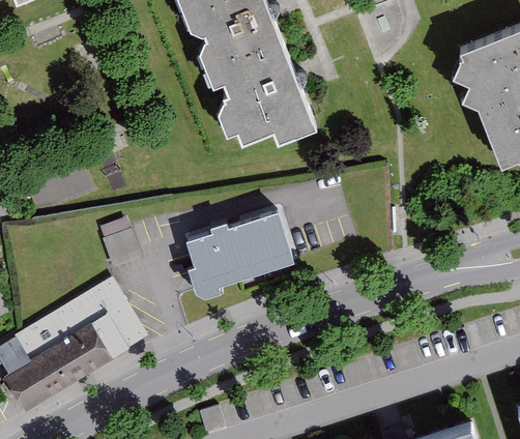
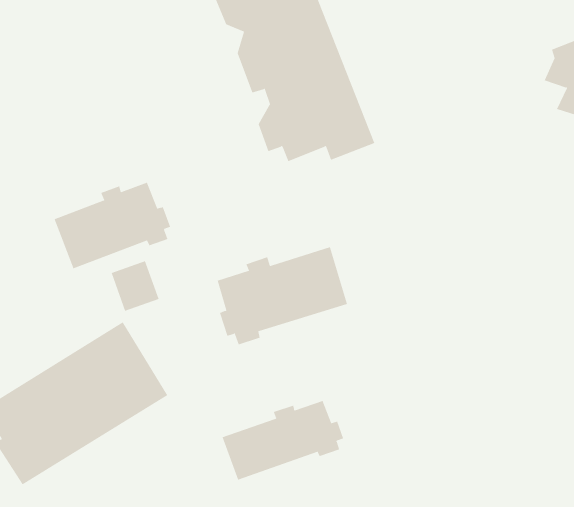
building: none -> [54,182,171,269]
building: none -> [222,400,344,480]

